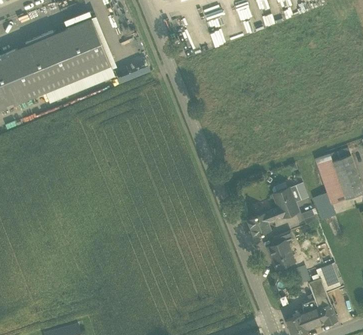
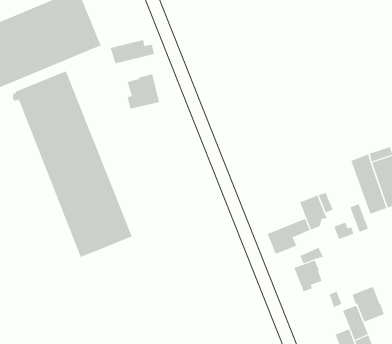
building: none -> [12,71,132,258]
building: none -> [127,74,160,110]

